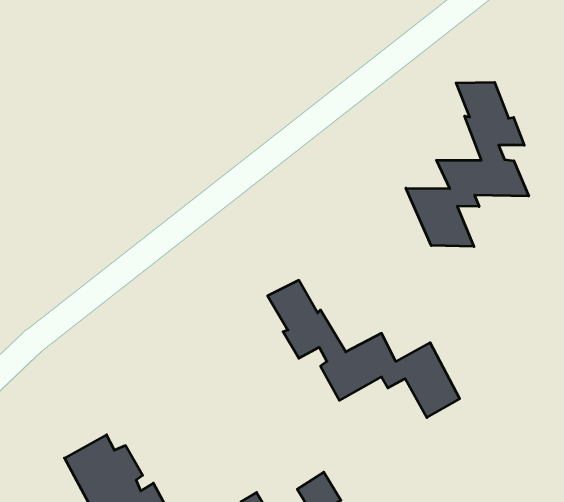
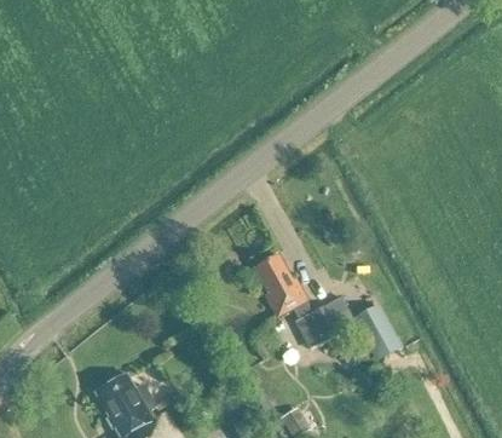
building: [406,82,529,247] -> none

